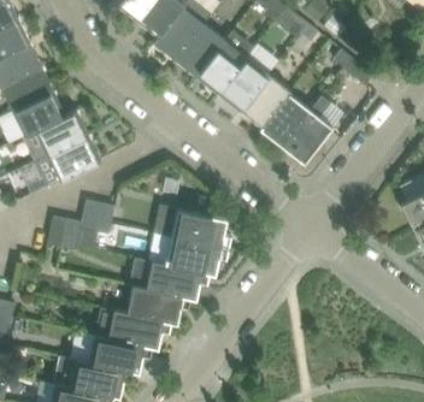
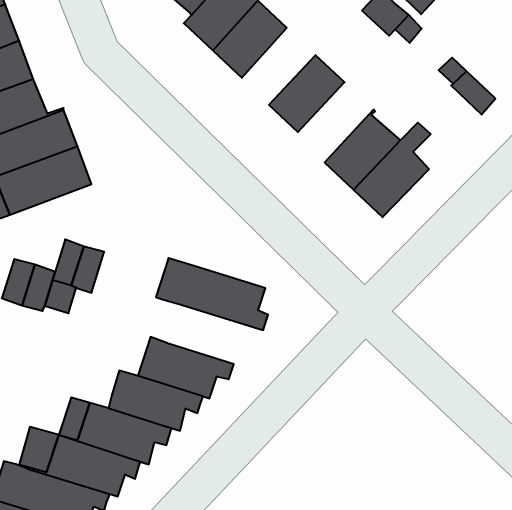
building: [198,30,254,93] -> none
building: [240,72,290,129] -> none
building: [165,236,229,274] -> none

